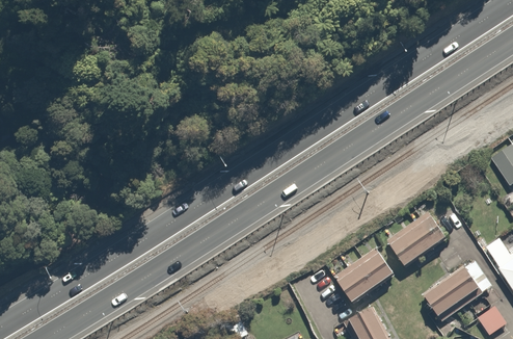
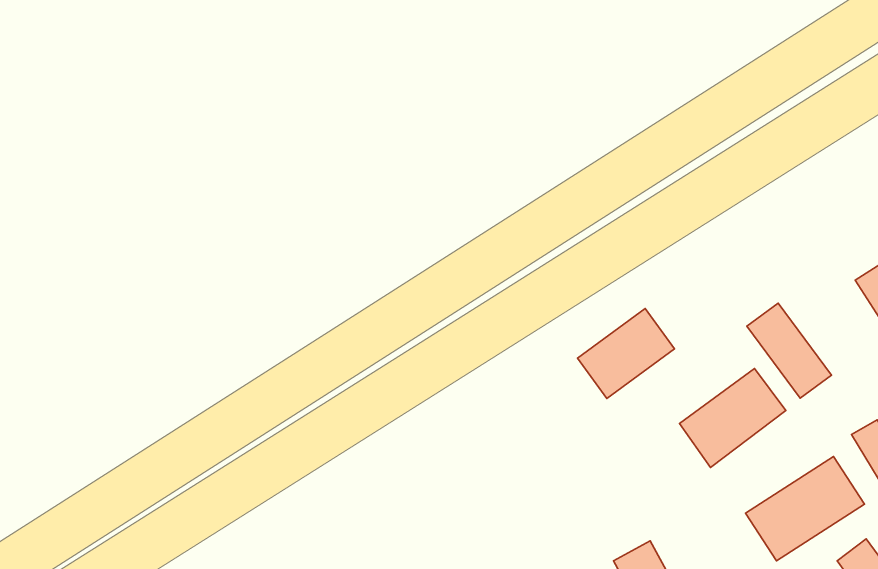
building: none -> [747,303,831,398]
building: [335,252,390,303] -> [577,309,675,398]

